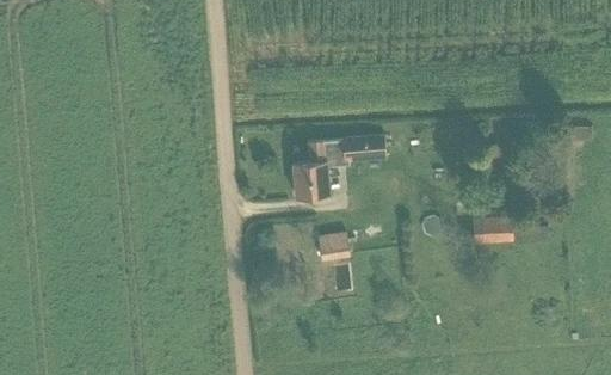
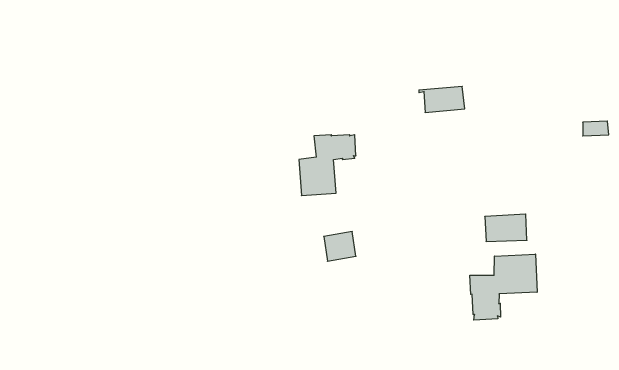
building: [342,135,387,160] -> [419,86,465,112]
building: none -> [470,254,537,320]

